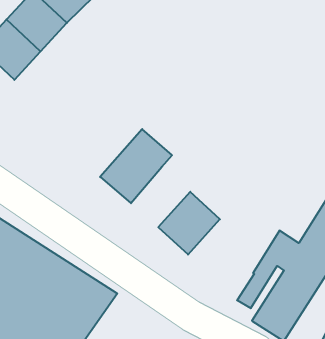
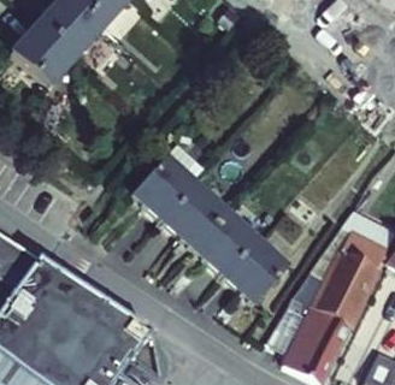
building: none -> [159,191,222,255]
building: none -> [219,247,285,314]

